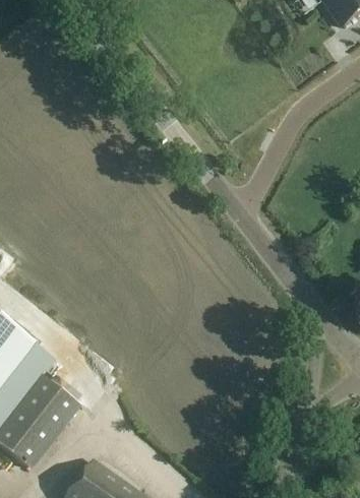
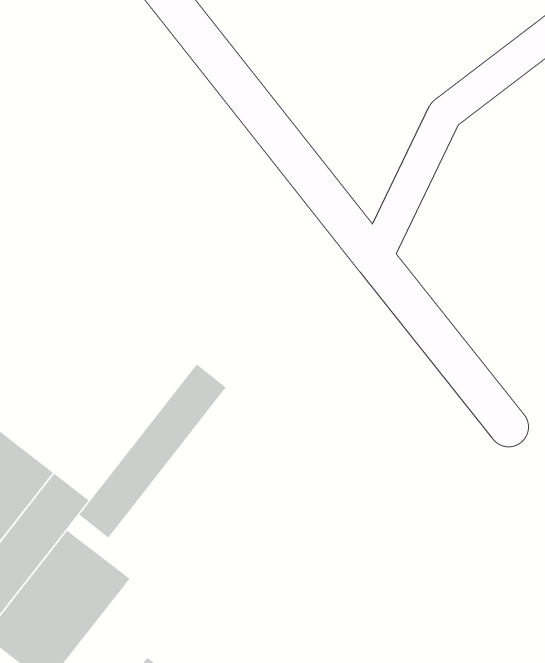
building: none -> [78,363,227,539]

